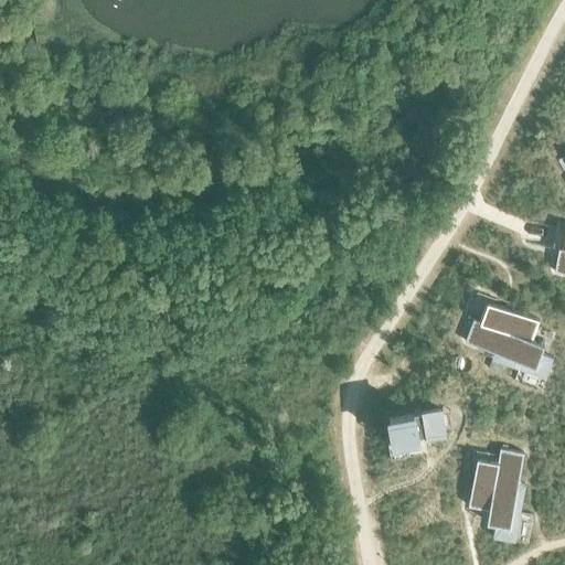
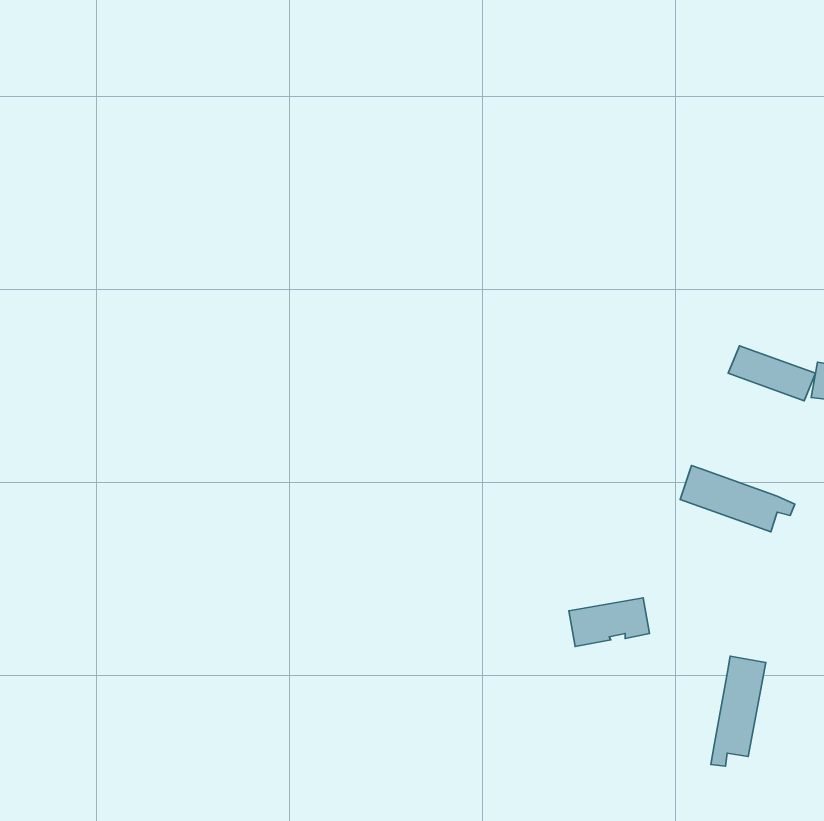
building: [480,305,540,342] -> [728,346,815,401]
building: [469,460,498,512] -> none

